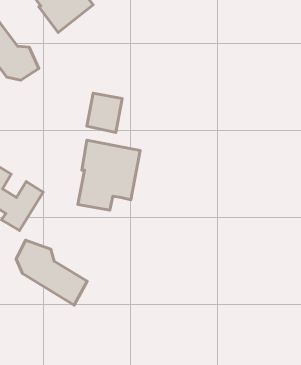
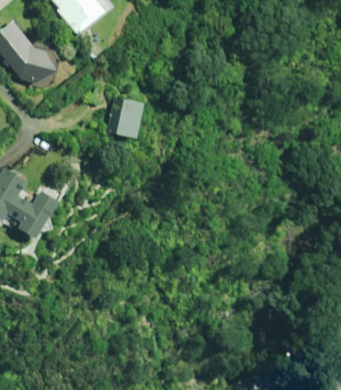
building: [78,140,140,210] -> none
building: [16,240,87,305] -> none

